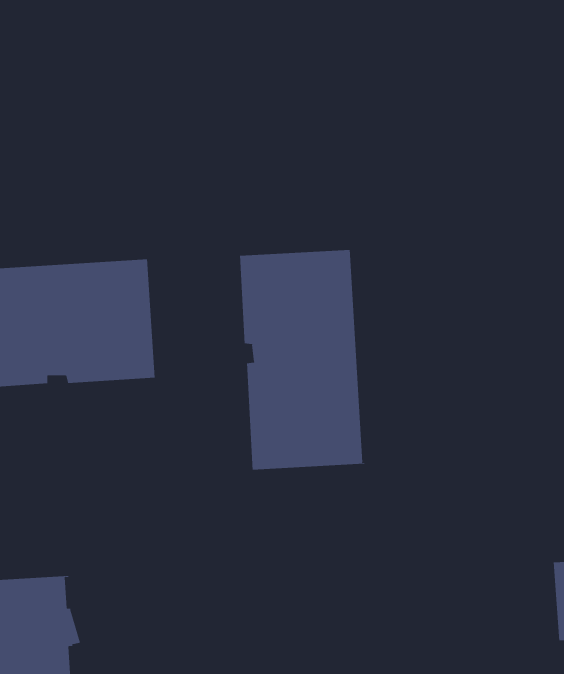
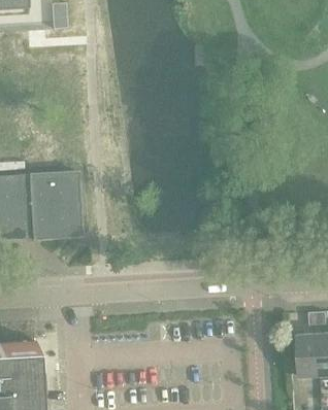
building: [239,249,365,471] -> none

